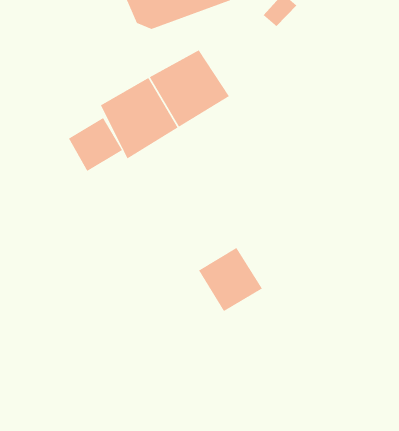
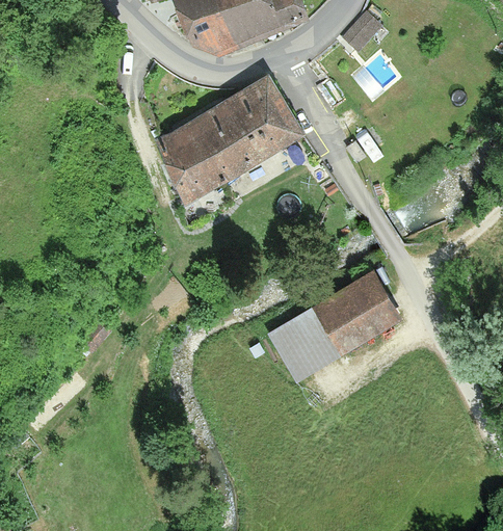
building: [68,117,123,172] -> none
building: none -> [312,268,402,353]

